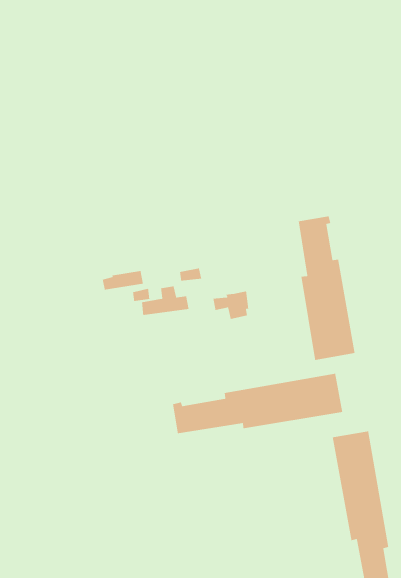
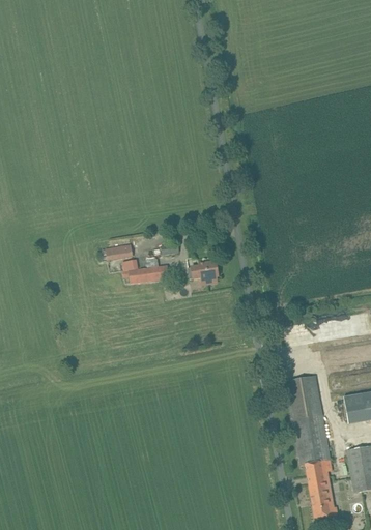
building: [298,215,356,361] -> none
building: [172,373,343,434] -> none

